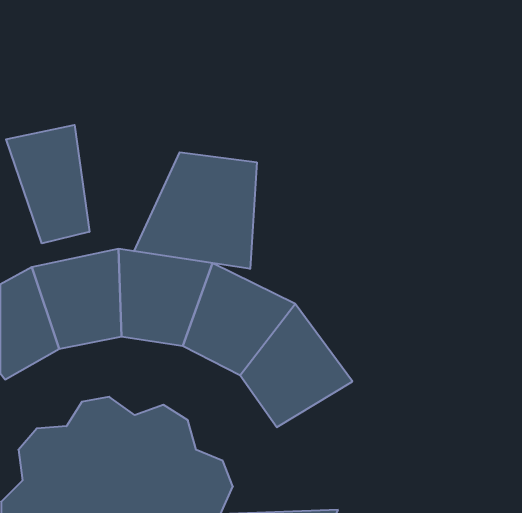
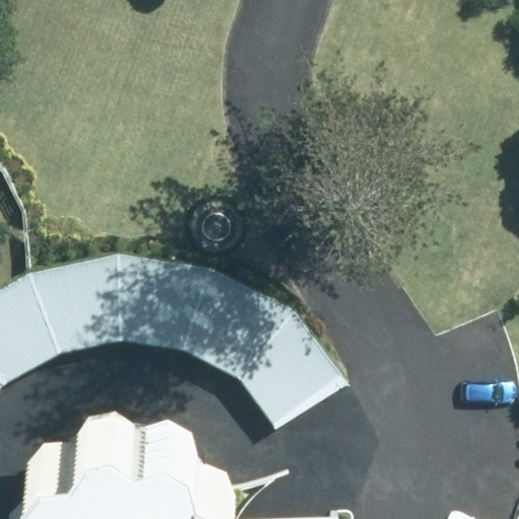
building: [6,125,89,243] -> none
building: [134,152,257,269] -> none

